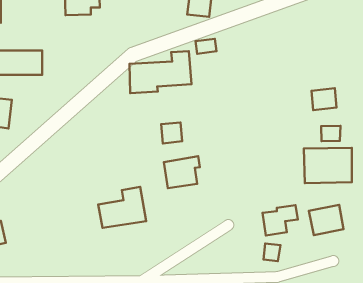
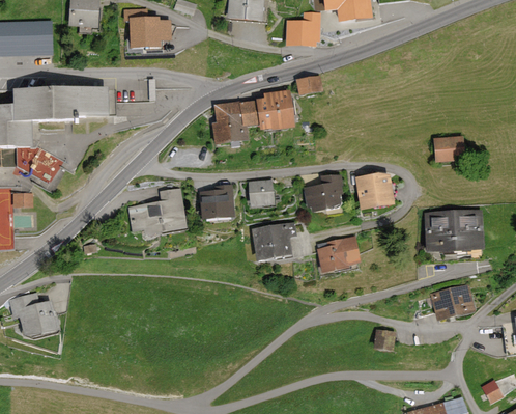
building: none -> [356,173,394,209]
building: none -> [305,174,345,206]
building: [321,126,341,141] -> none
building: none -> [195,184,231,221]
building: [98,187,146,228] -> [132,187,191,238]
building: [263,205,298,235] -> [309,238,352,275]

